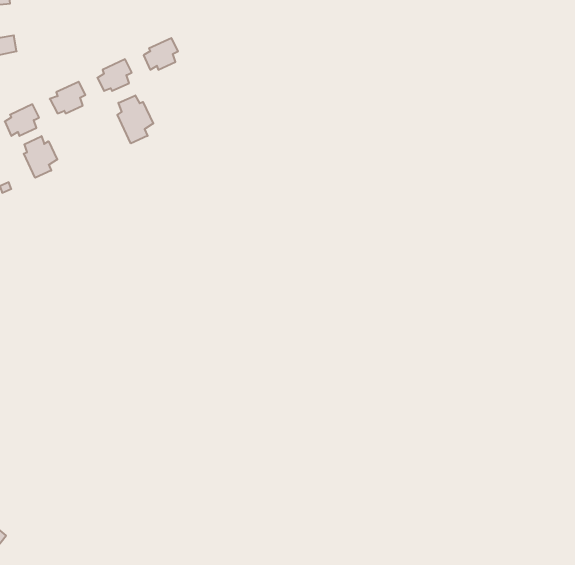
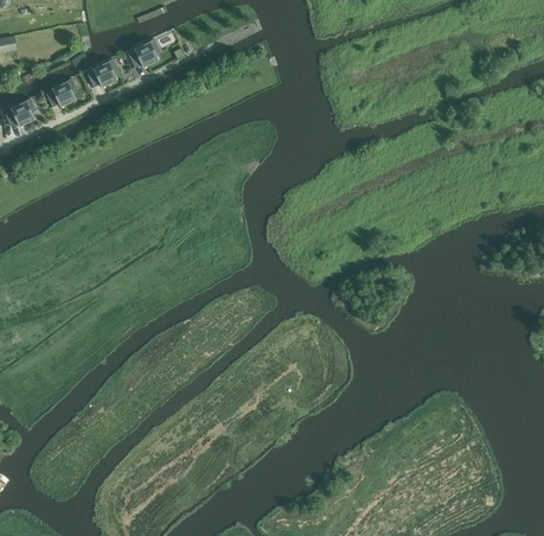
building: [117,95,153,143] -> none
building: [24,136,57,178] -> none

